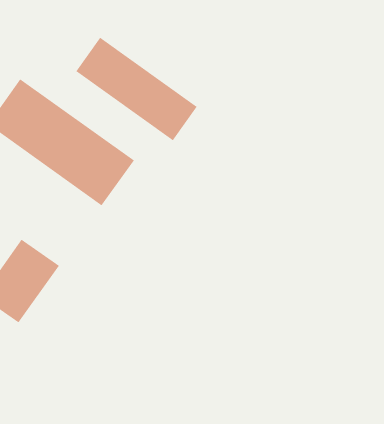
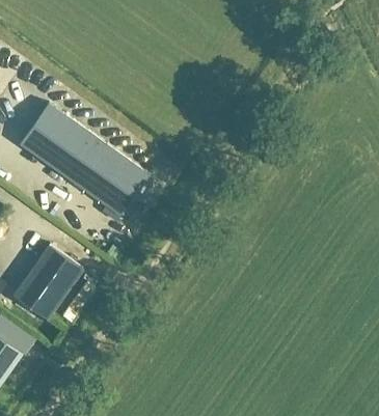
building: [75,37,198,141] -> none

